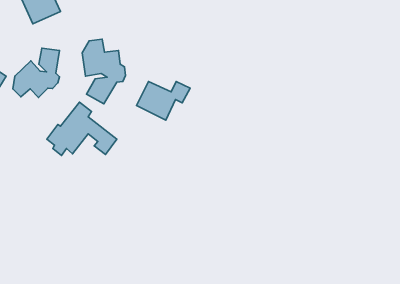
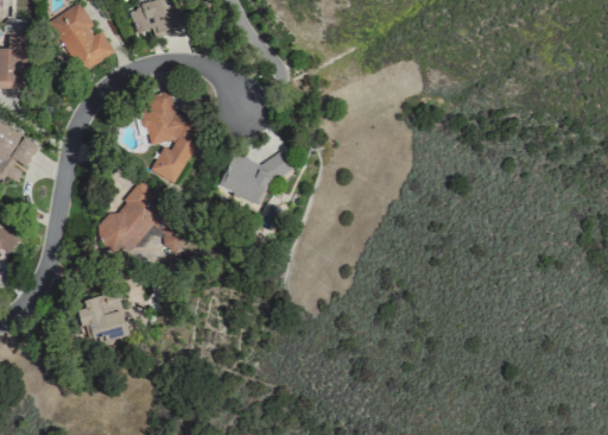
building: [13,48,60,97] -> none
building: none -> [75,291,126,346]

